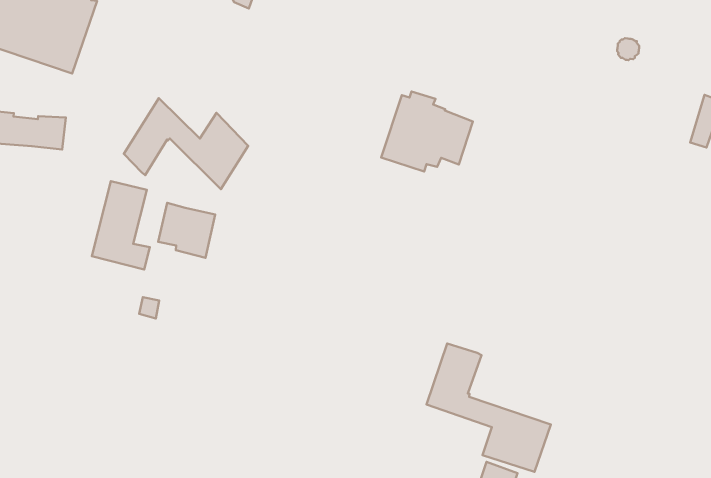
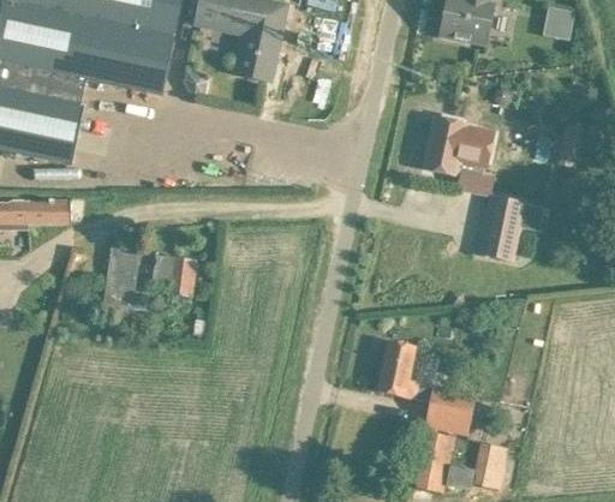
building: [381,91,473,171] -> [425,113,494,174]
building: [124,98,248,189] -> none
building: none -> [478,195,544,259]

